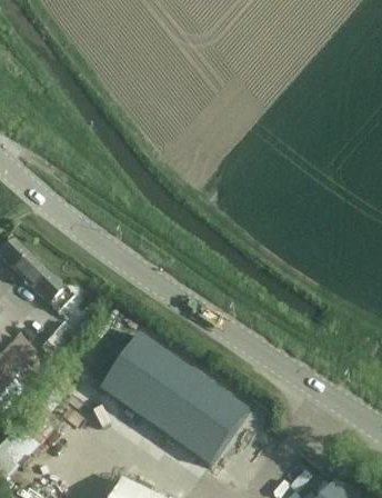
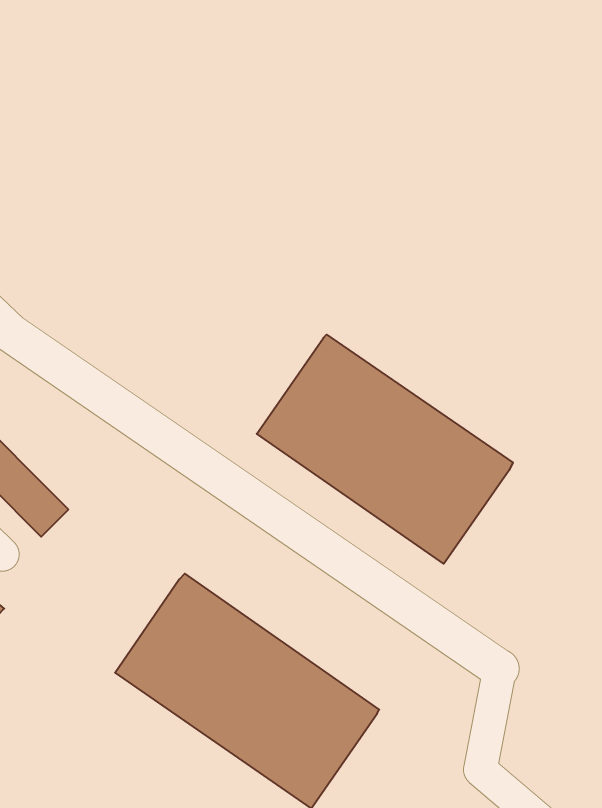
building: none -> [257,335,513,564]

